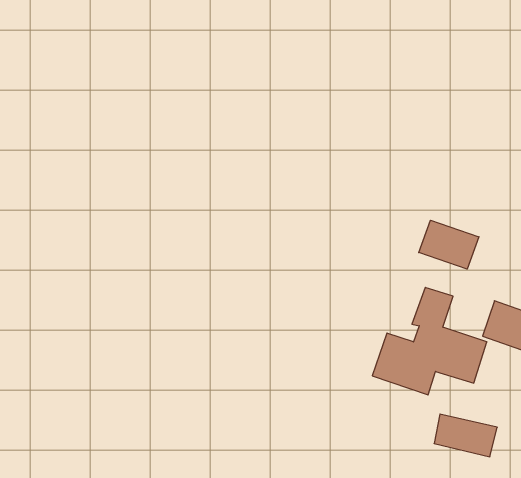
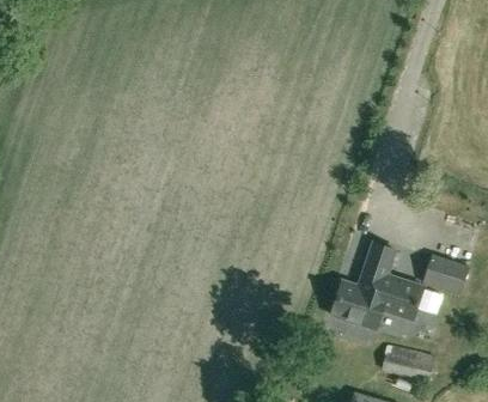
building: [419,220,479,269] -> none

